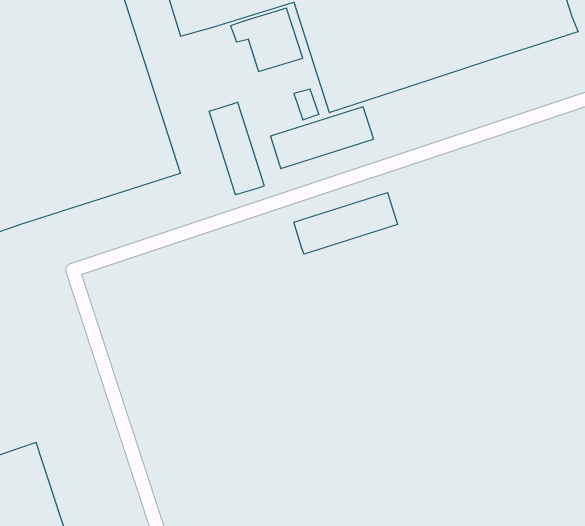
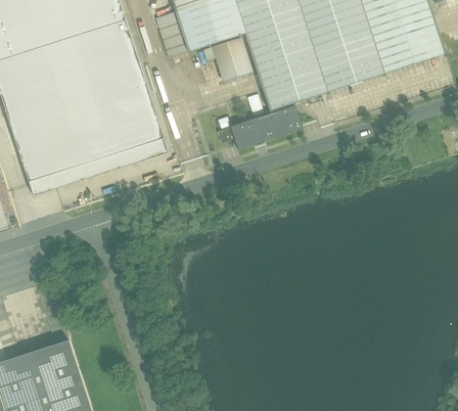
building: [209,102,264,195] -> none
building: [294,193,397,254] -> none

